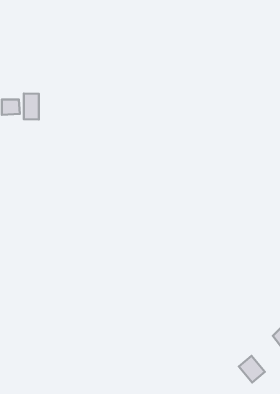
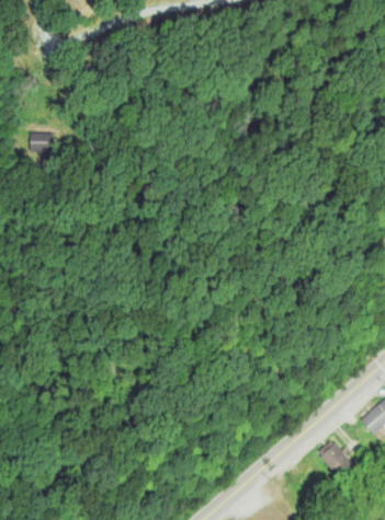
building: [24,93,39,120] -> none

